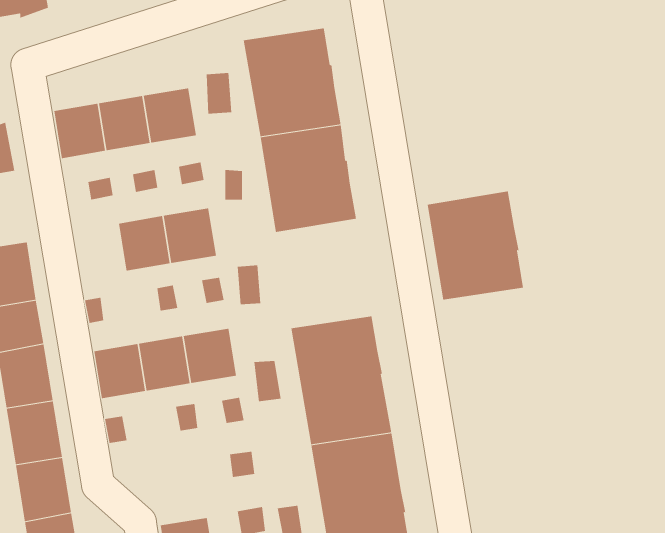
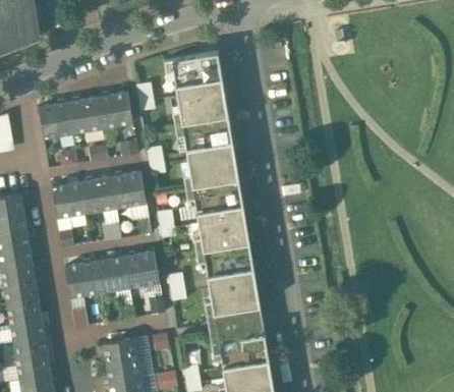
building: [427,191,524,300] -> [185,178,249,250]
building: none -> [52,181,87,218]
building: none -> [103,338,140,381]

